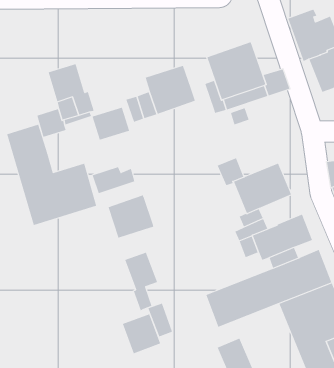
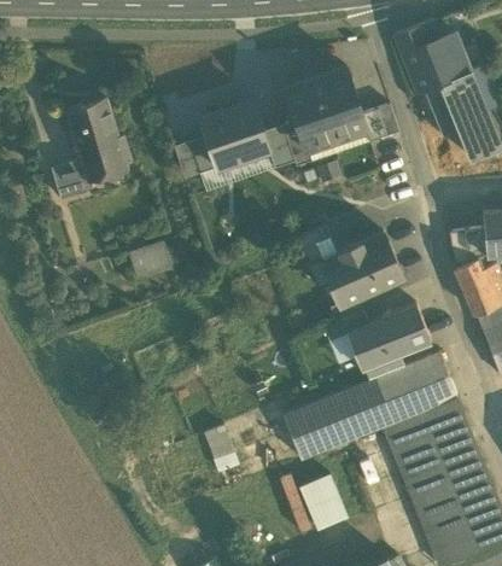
building: none -> [264,124,294,168]
building: [92,107,130,140] -> none
building: [6,124,97,226] -> none
building: [108,194,154,238] -> none
building: [125,252,158,311] -> none
building: [122,314,161,354] -> none

